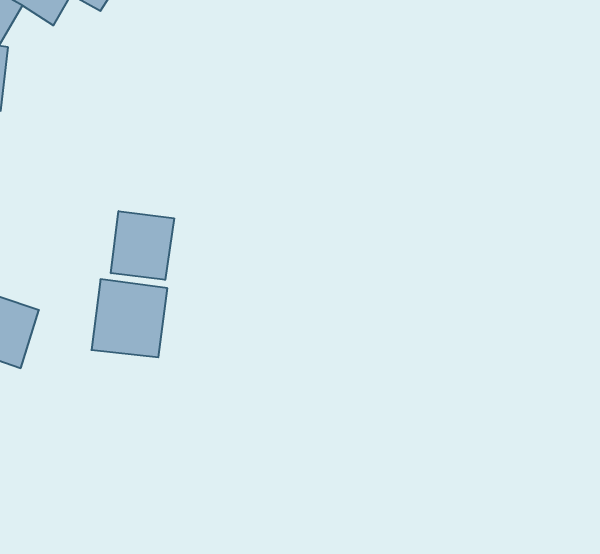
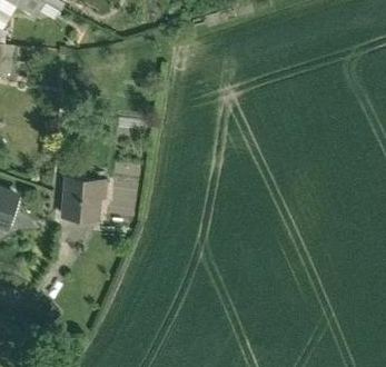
building: [111,211,174,280] -> none

